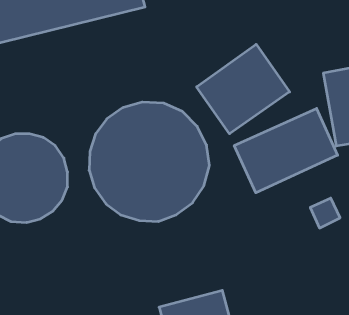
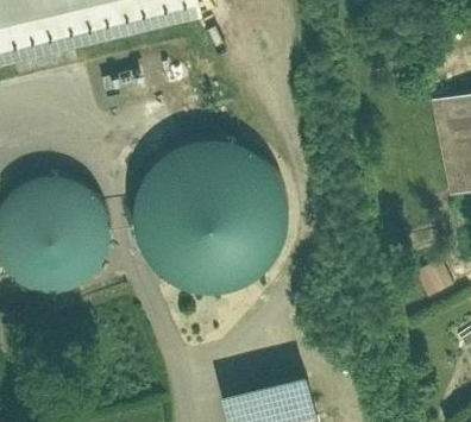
building: [197,44,290,134] -> none
building: [234,108,338,193] -> none

